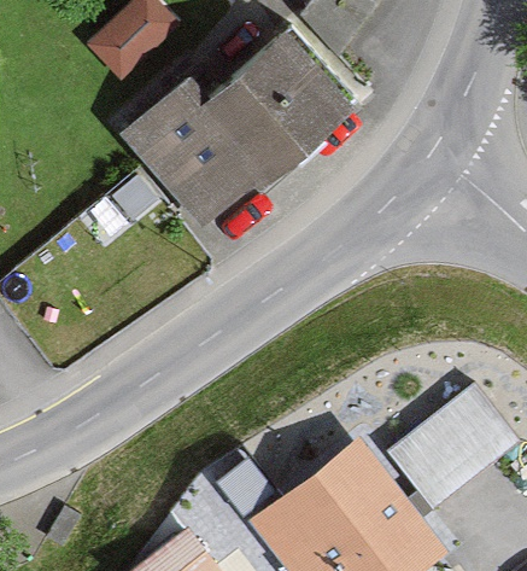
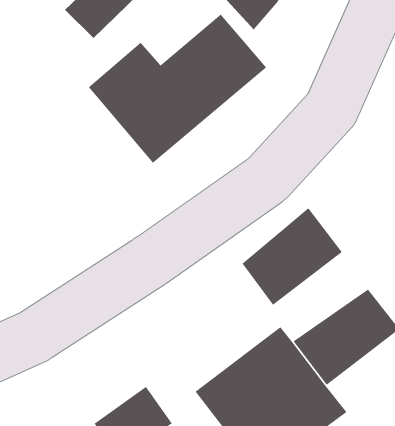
building: none -> [241,207,343,306]

